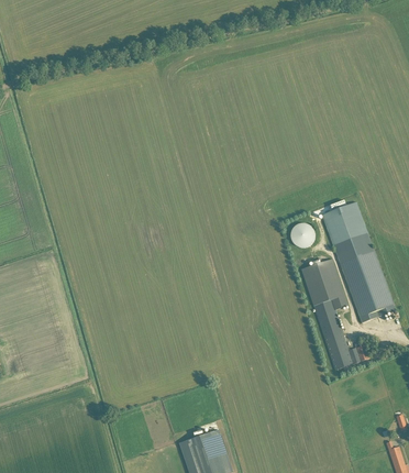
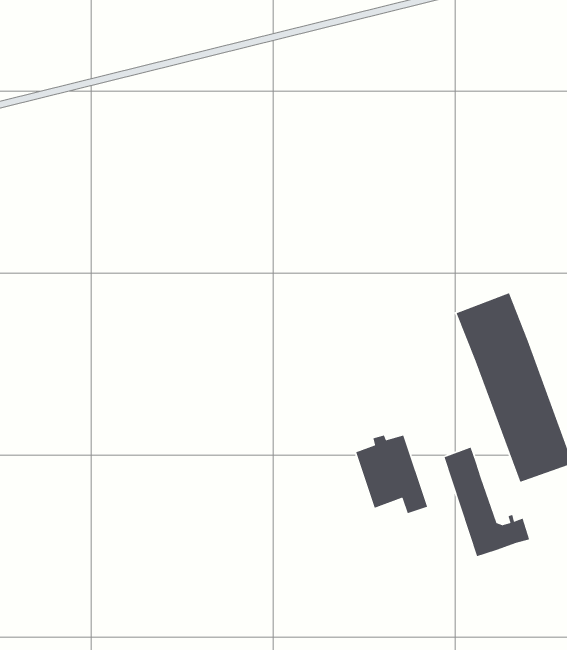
building: [290,222,314,248] -> none
building: [301,258,347,309] -> [355,434,428,514]

